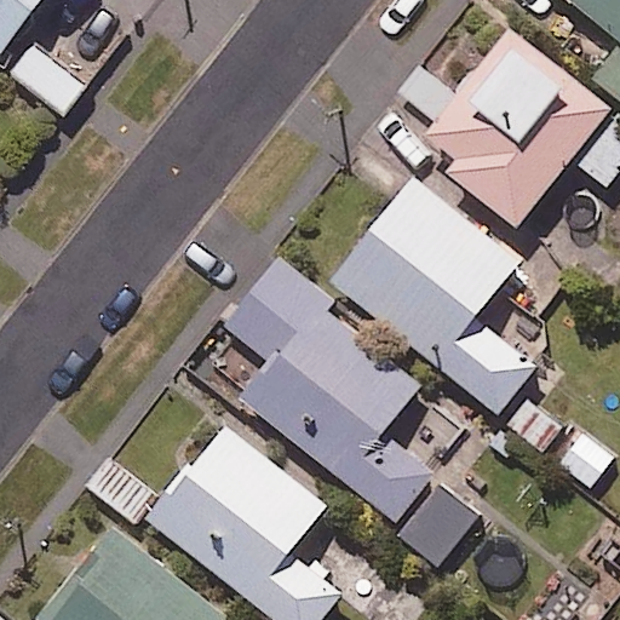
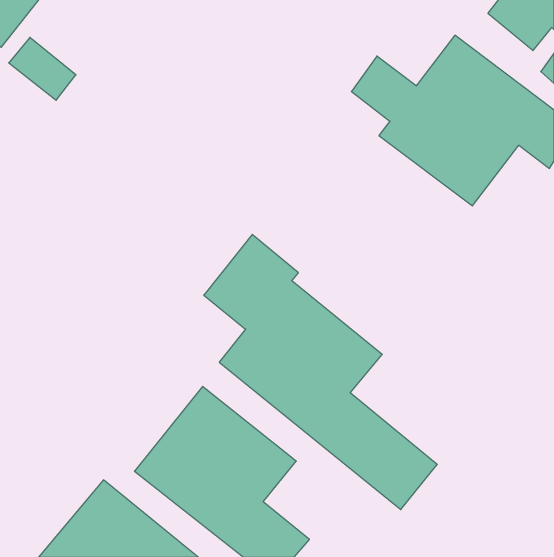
building: [331,178,557,446] -> none

